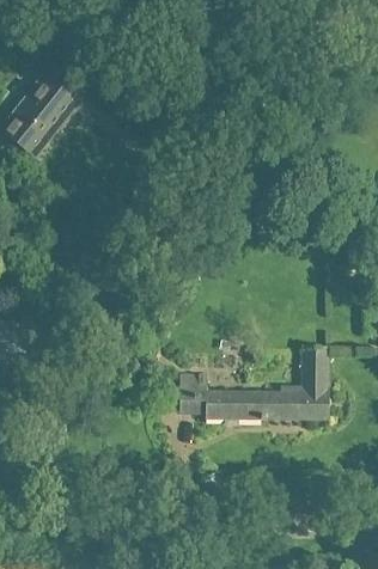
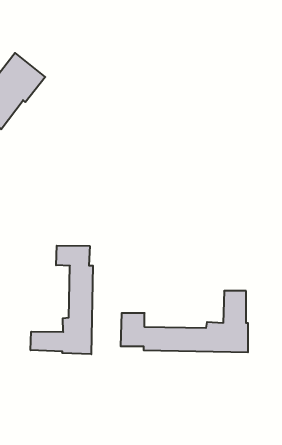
building: none -> [31,246,93,354]

